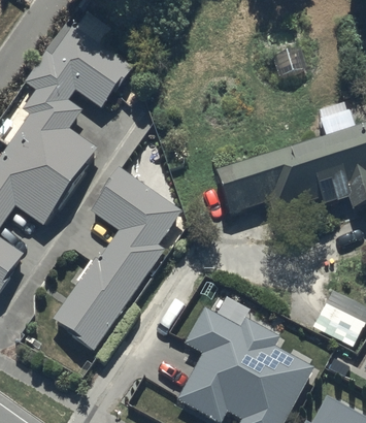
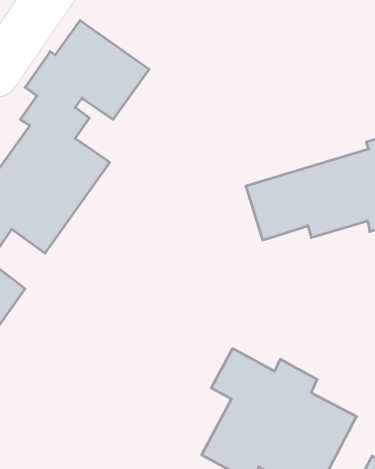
building: [53,168,180,352] -> none

